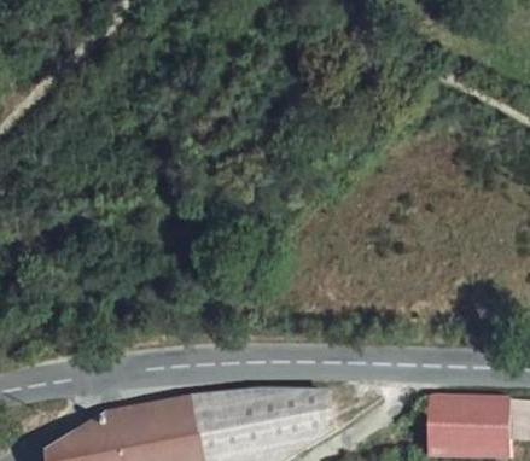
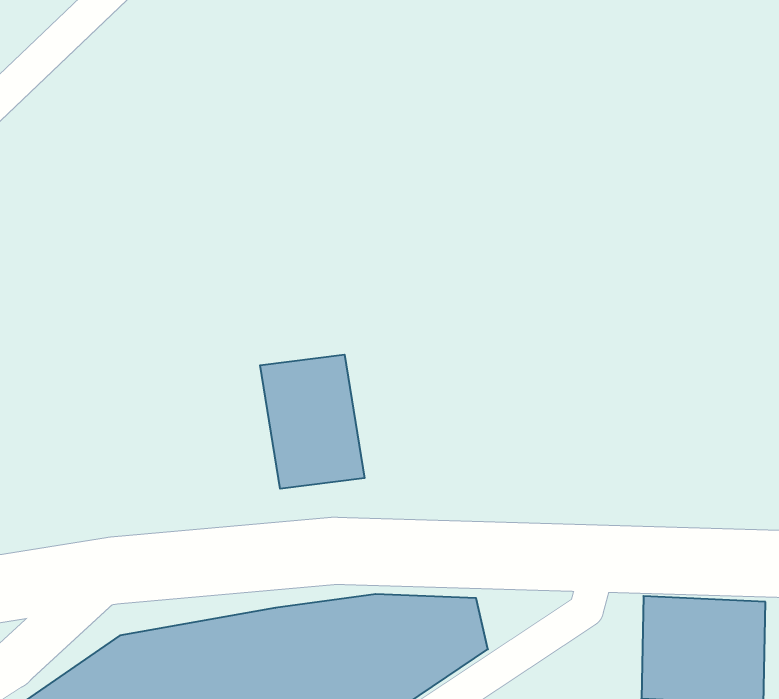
building: none -> [260,355,365,489]

